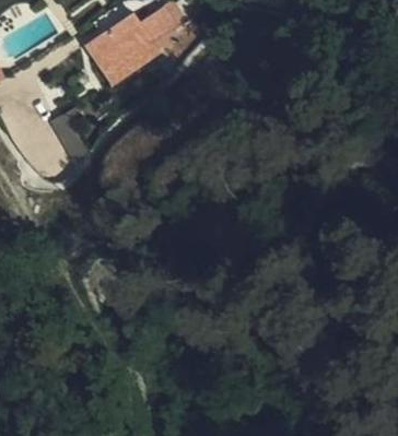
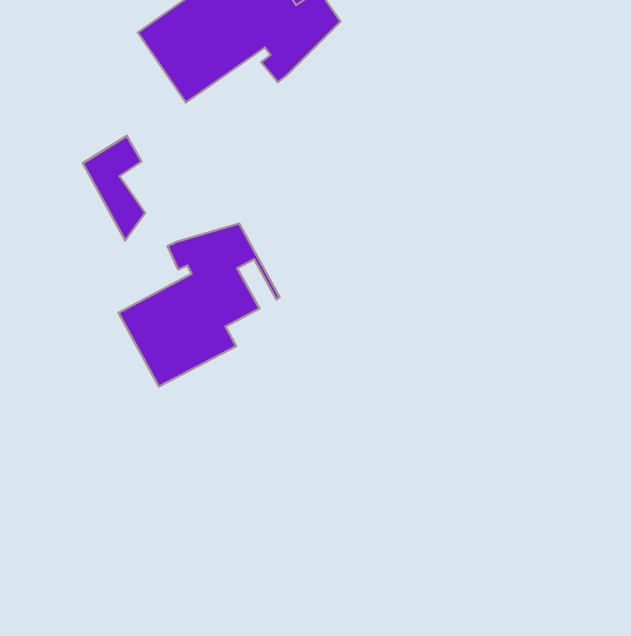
building: none -> [118,224,279,386]

